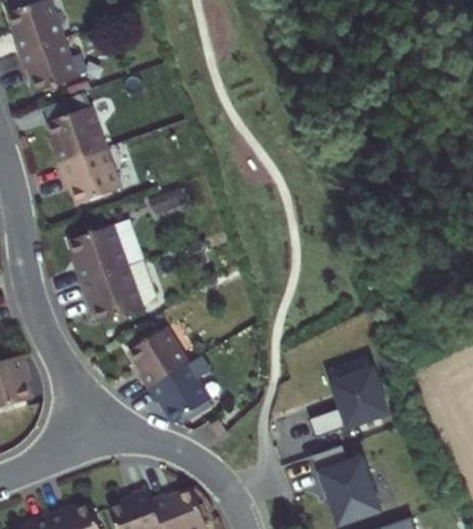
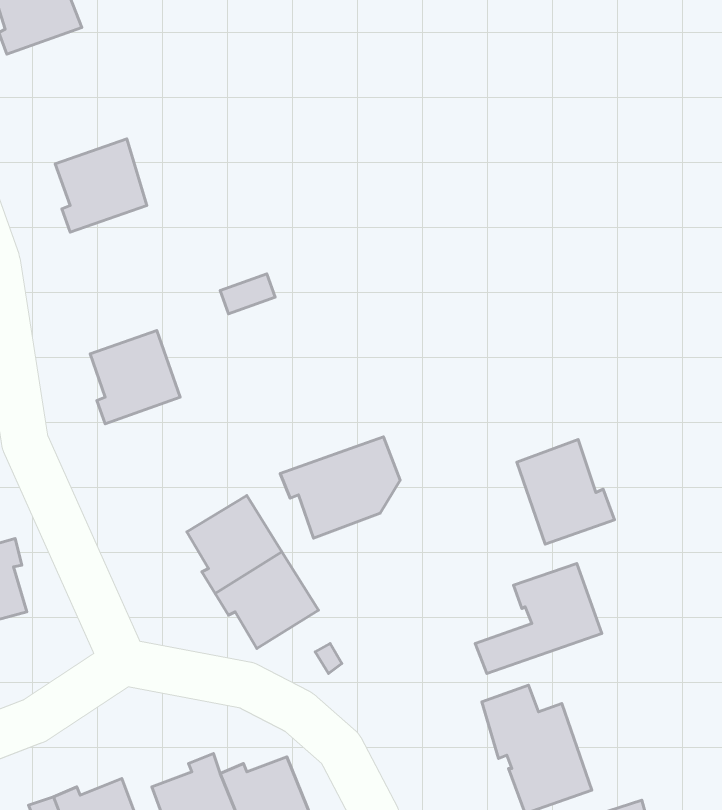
building: [19,36,80,92] -> none
building: [58,147,119,204] -> none
building: [80,259,154,322] -> [280,437,400,538]
building: none -> [517,440,615,544]

